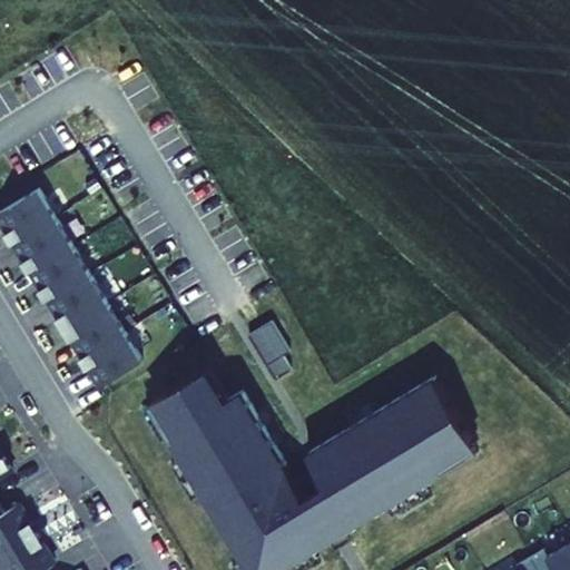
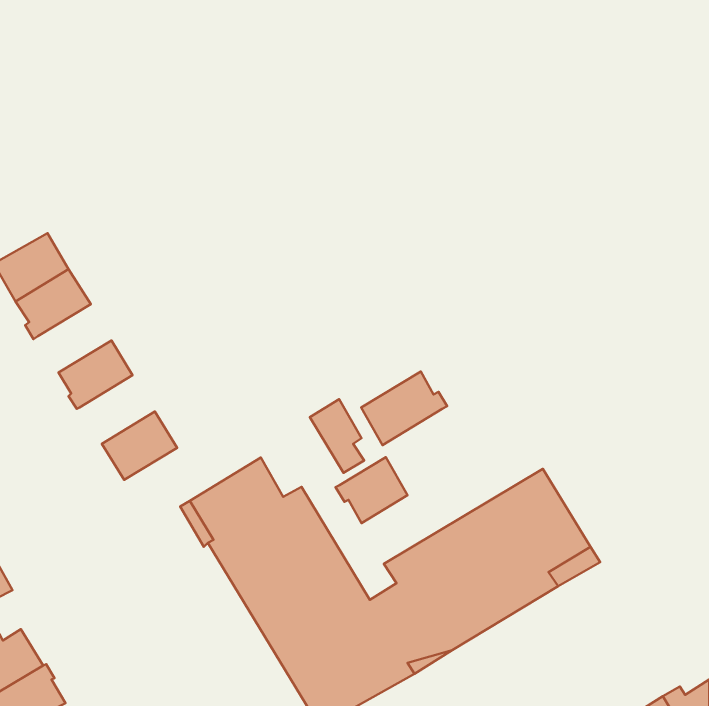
building: [30,248,89,303] -> none
building: none -> [361,371,447,445]
building: [63,305,124,360] -> none
building: none -> [336,457,408,523]

